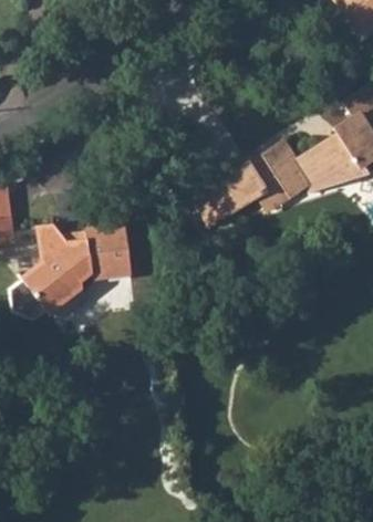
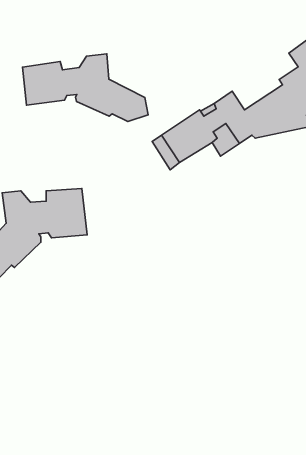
building: none -> [22,54,148,121]

